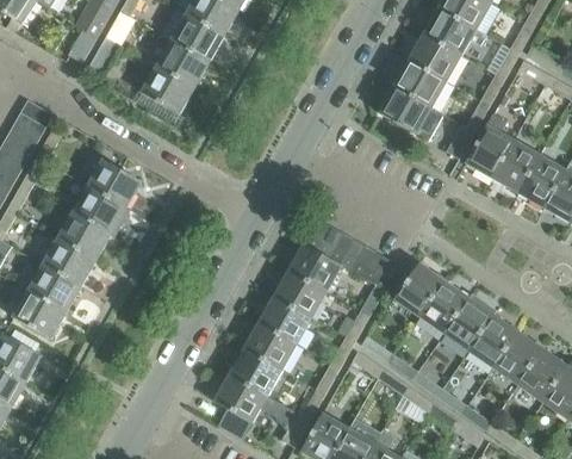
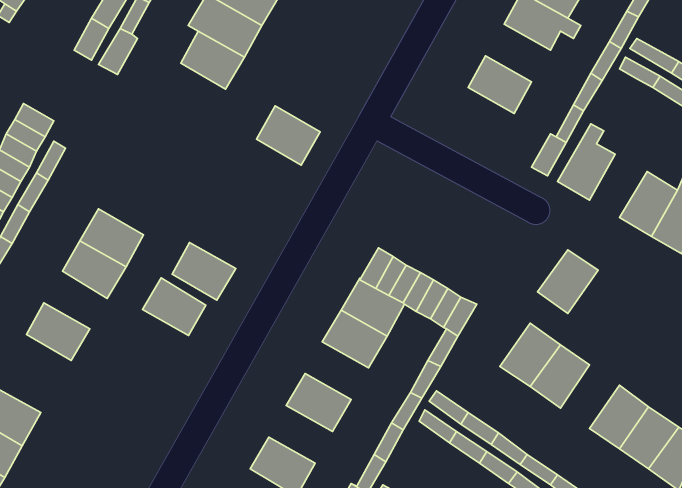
building: [408,33,461,81] -> none
building: [141,66,193,114] -> [257,106,320,165]
building: [378,86,443,141] -> none
building: [493,141,541,193] -> none
building: [88,160,141,207] -> [172,242,236,300]
building: [43,237,95,285] -> [142,278,206,336]
building: [394,263,444,316] -> [537,250,598,313]
building: [13,290,66,337] -> none
building: [259,296,311,343] -> none
building: [470,315,518,367] -> none
building: [229,348,281,396] -> none

